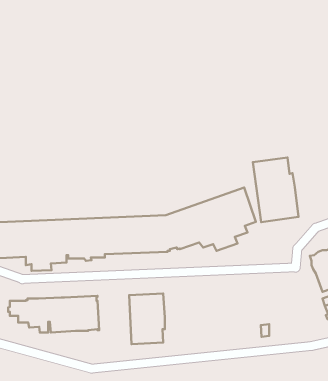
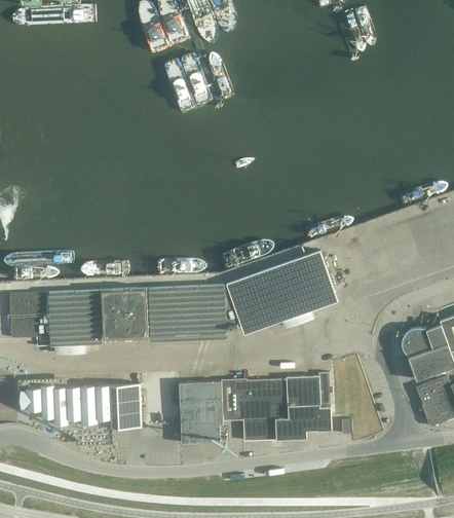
building: [253,157,299,222] -> none
building: none -> [223,372,332,440]

